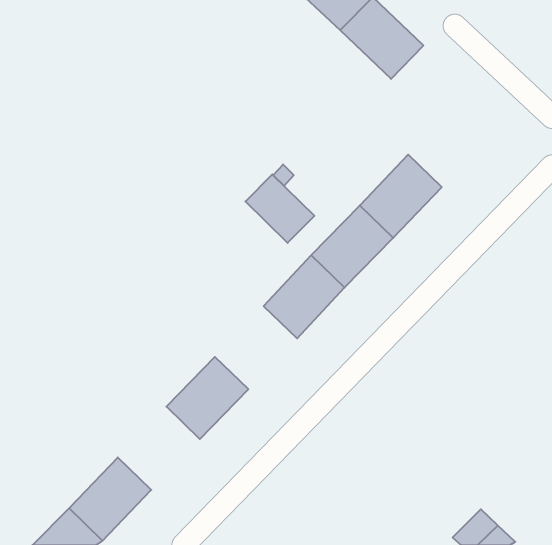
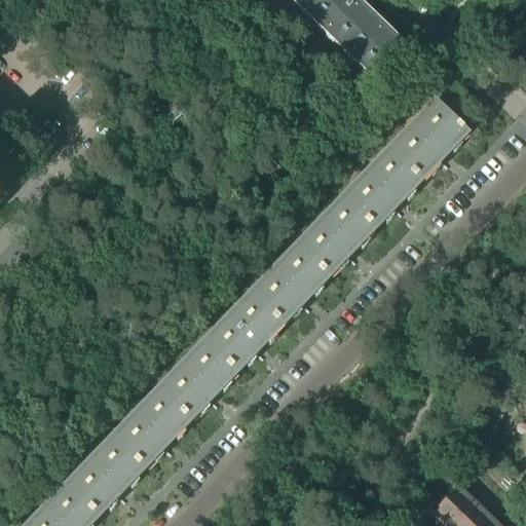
building: none -> [388,99,466,178]
building: [245,174,314,243] -> none
building: none -> [204,291,283,370]
building: none -> [112,386,190,465]

